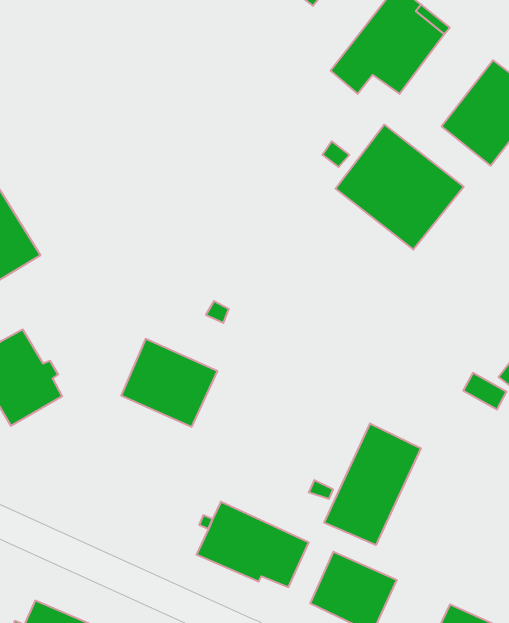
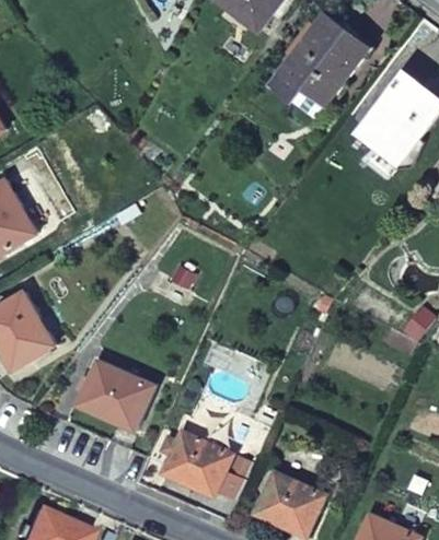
building: [336,125,464,250] -> none
building: [121,339,217,427] -> [77,360,154,431]
building: [324,423,421,545] -> none

